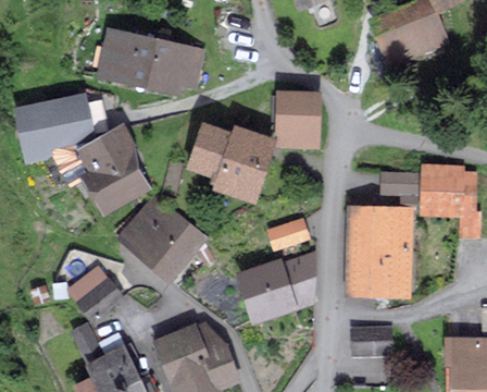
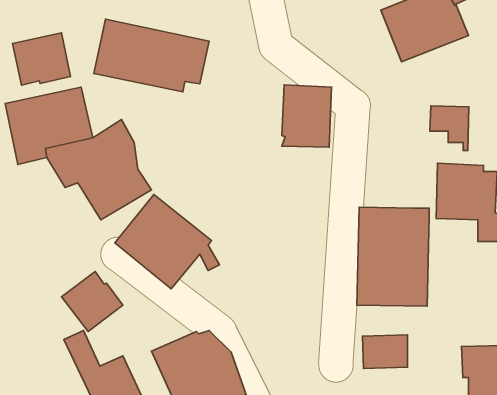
building: none -> [13,33,71,85]
building: [185,121,277,204] -> none
building: [382,171,419,213] -> [430,106,469,151]
building: [266,217,311,250] -> none
building: [234,249,315,324] -> none

